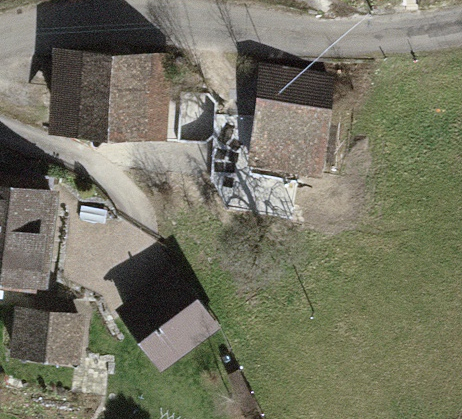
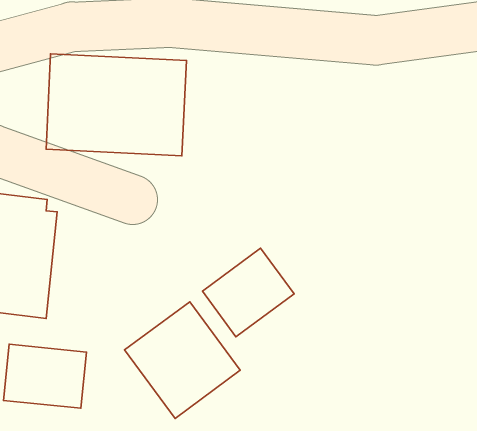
building: [246,66,336,187] -> none
building: none -> [202,248,294,337]

